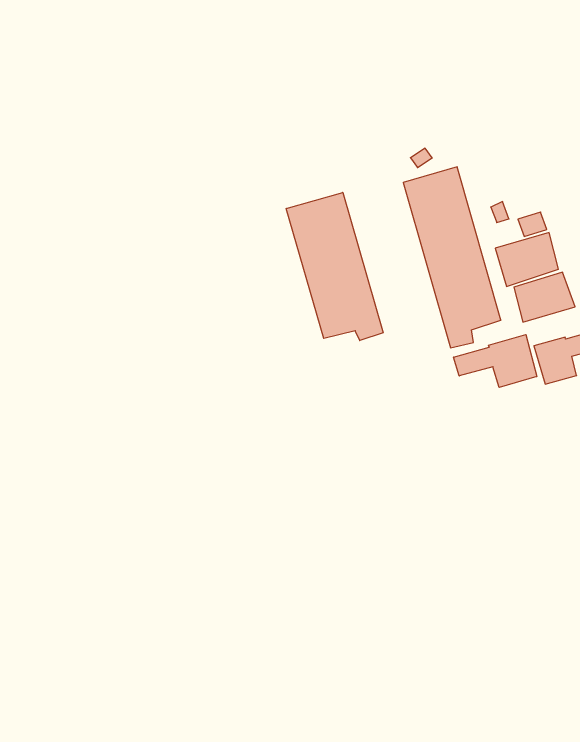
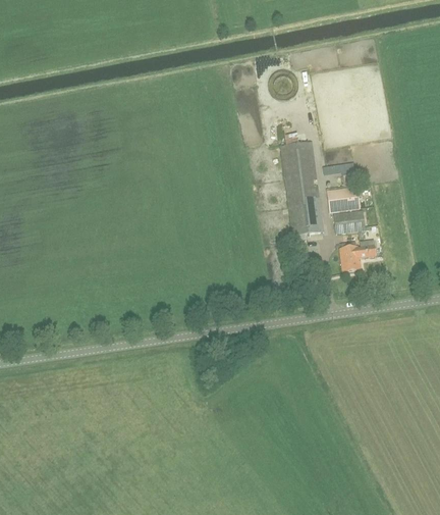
building: [286,192,383,341] -> none
building: [454,335,537,387] -> none

